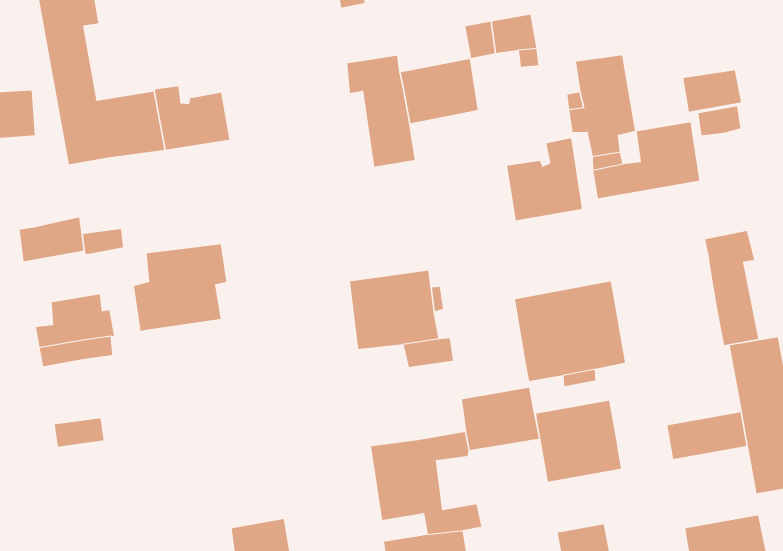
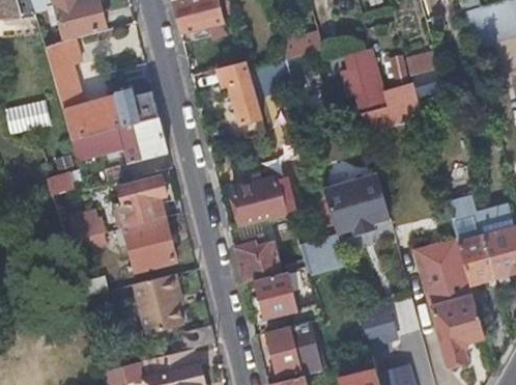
building: [506,138,582,221] -> none
building: none -> [70,117,167,162]
building: [704,230,759,346] -> none
building: none -> [122,217,174,271]
building: none -> [235,240,279,282]
building: [535,400,622,482] -> [421,258,471,307]
building: none -> [133,274,184,334]

